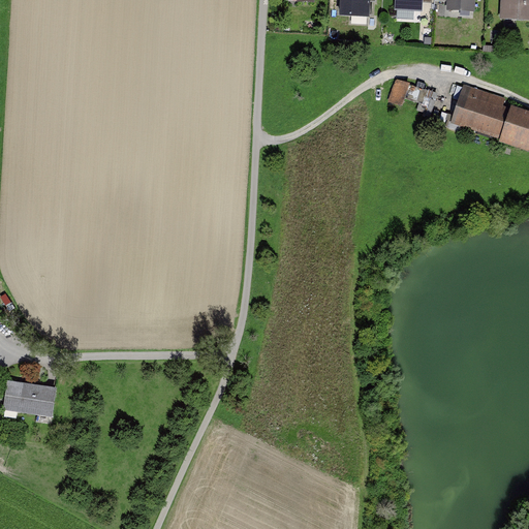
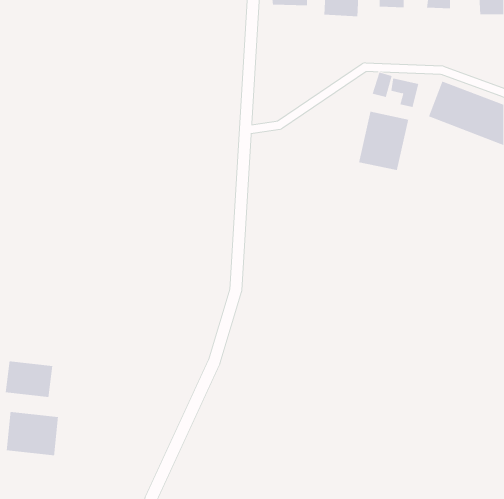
building: none -> [359,111,409,171]
building: none -> [6,411,58,456]

